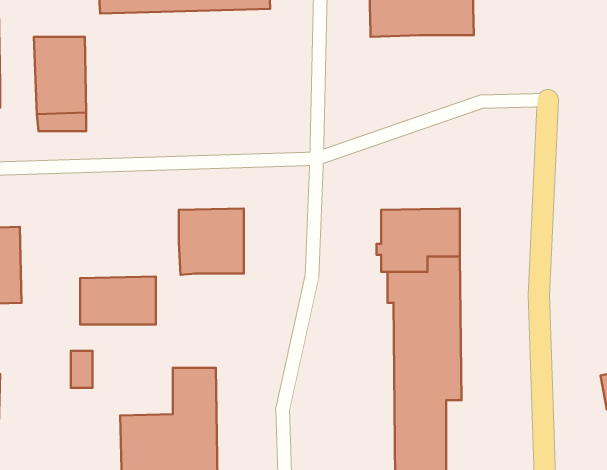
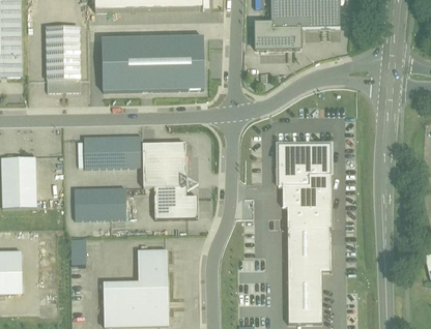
building: none -> [255,24,304,52]
building: none -> [102,35,203,90]
building: none -> [83,134,142,167]
building: none -> [153,185,197,217]

